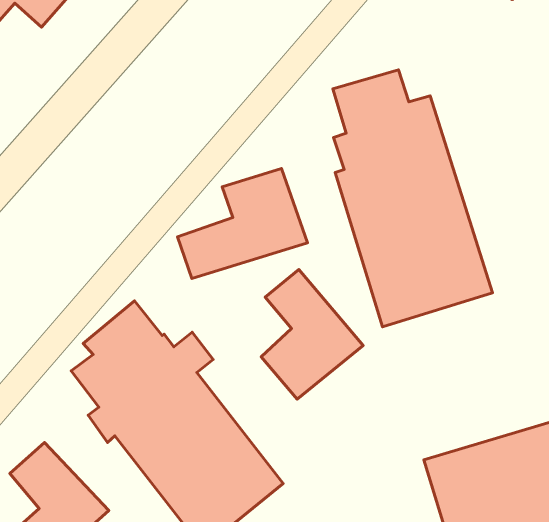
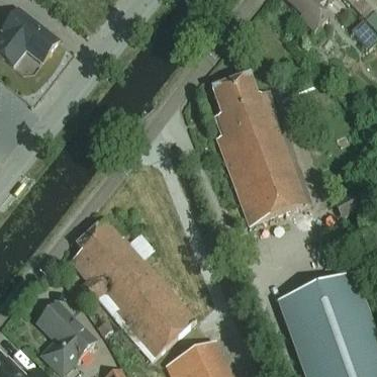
building: [177,168,308,278] -> none
building: [261,270,363,399] -> none

